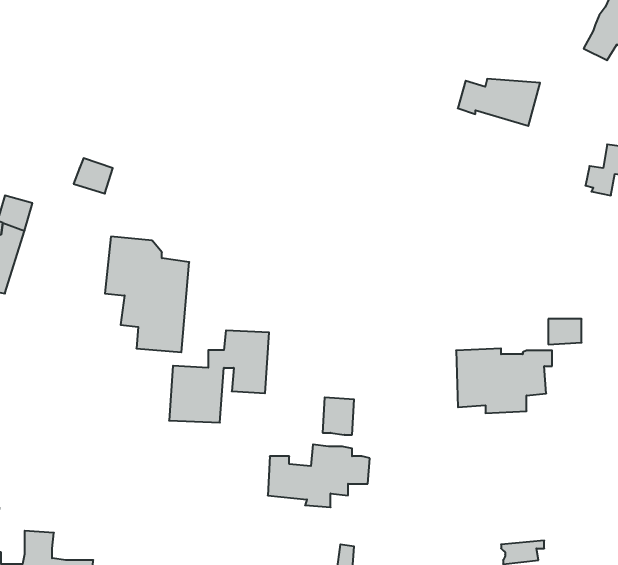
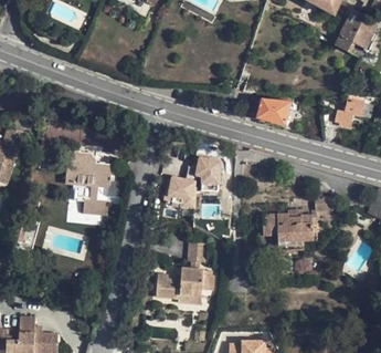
building: [458,79,540,126] -> [244,98,290,125]
building: [169,330,269,423] -> [165,156,221,208]

